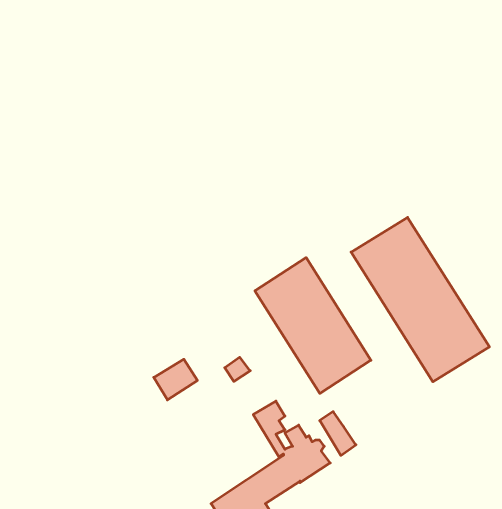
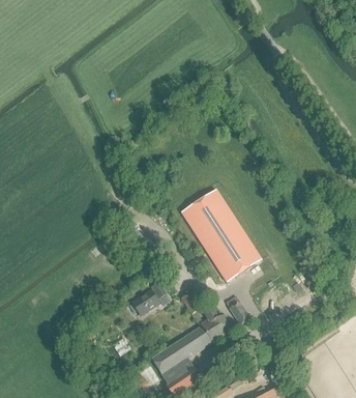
building: [351,217,489,382] -> none
building: [154,359,197,400] -> [129,288,159,316]

